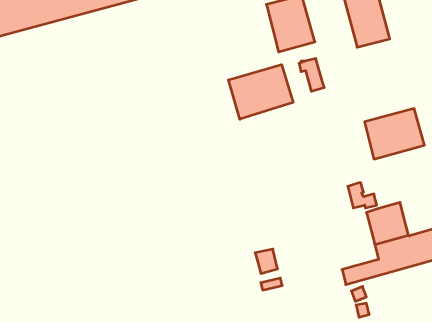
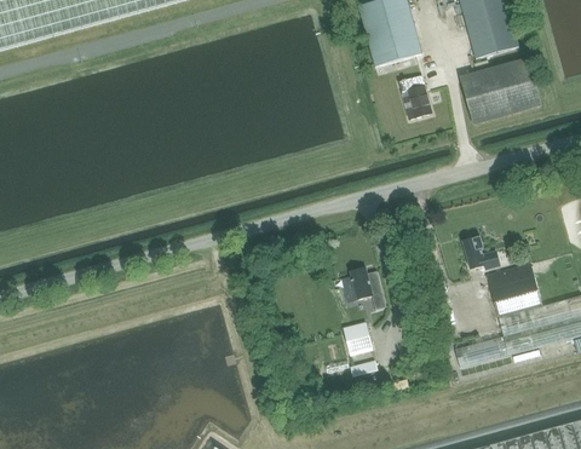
building: [228,65,293,119] -> none
building: [365,109,424,159] -> [460,62,537,127]
building: none -> [347,269,384,311]

